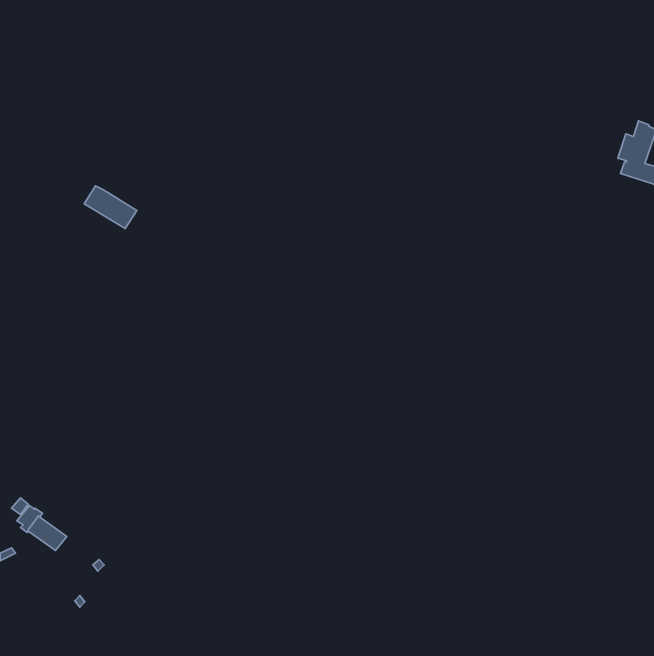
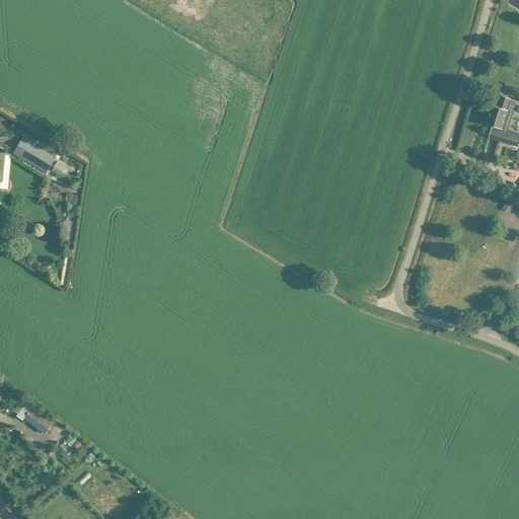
building: [84,186,137,228] -> [16,140,58,173]

